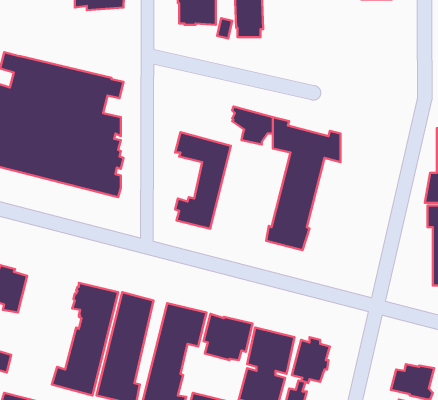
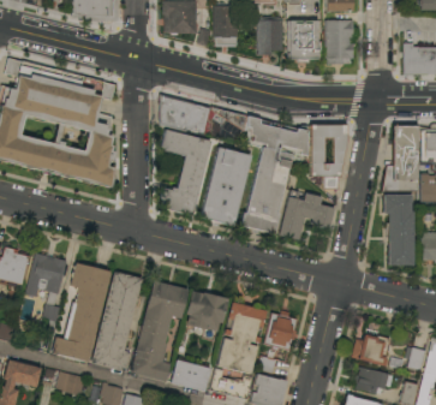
building: none -> [257,17,283,54]
building: none -> [287,18,319,61]
building: none -> [325,19,354,64]
building: none -> [160,94,210,132]
building: none -> [311,125,347,189]
building: none -> [201,147,252,225]
building: none -> [280,190,335,239]
building: none -> [26,252,68,321]

